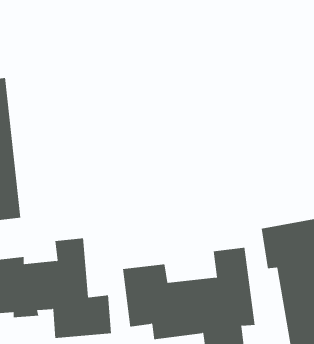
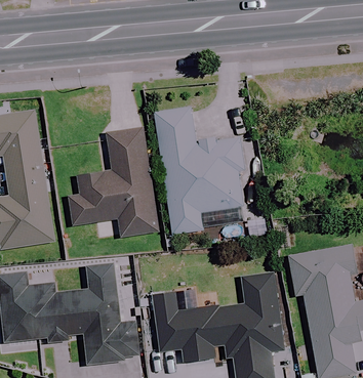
building: none -> [155,109,244,233]
building: none -> [70,129,158,237]

